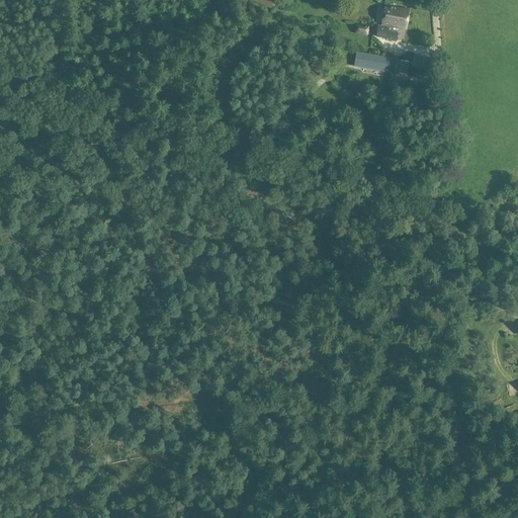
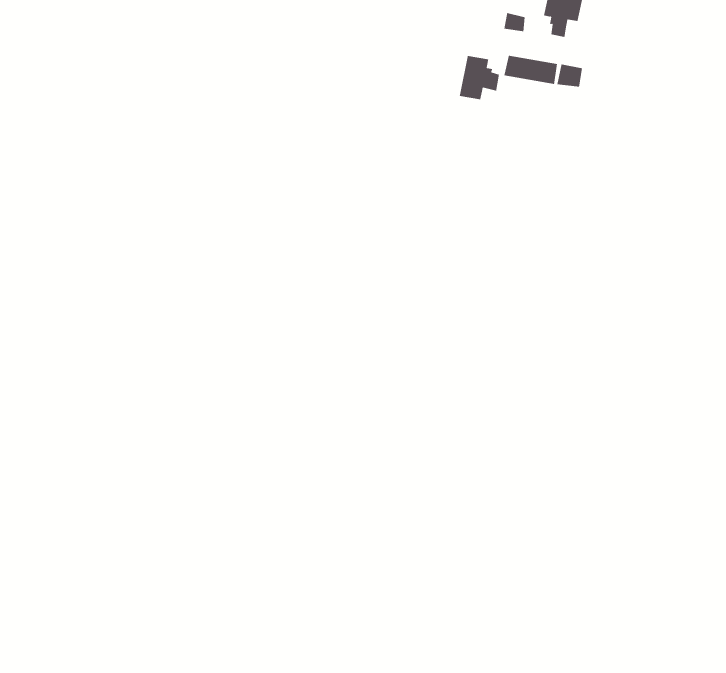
building: none -> [459,55,500,100]

